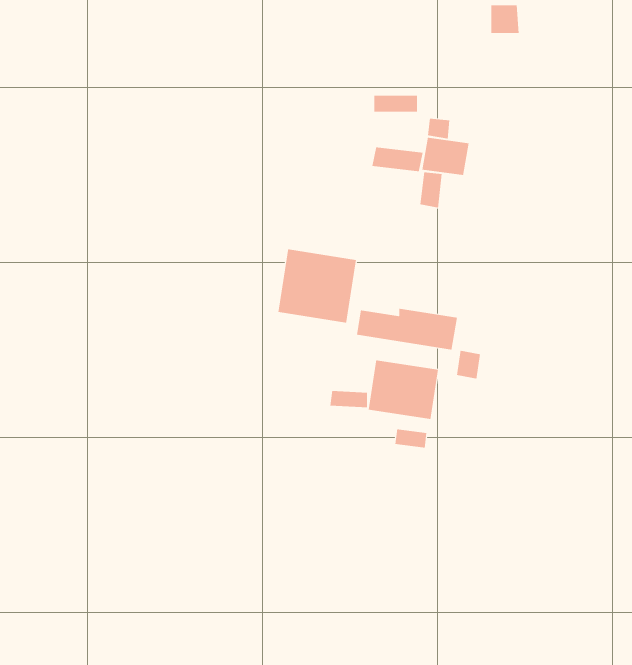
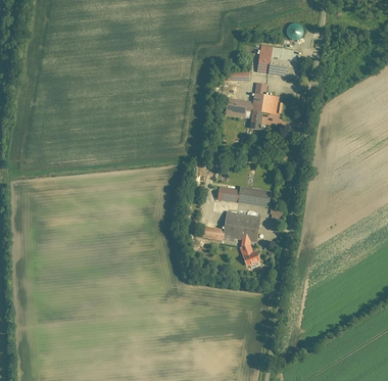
building: none -> [256,46,297,79]
building: [278,248,357,324] -> none

